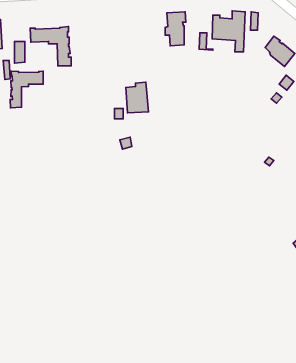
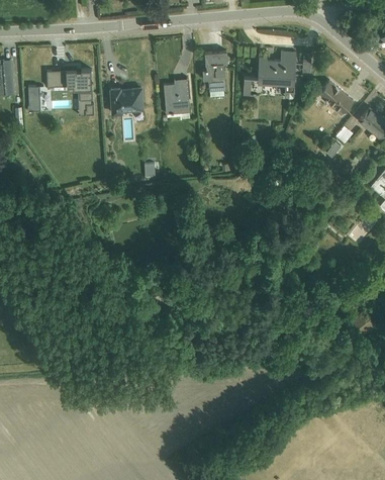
building: none -> [111,88,142,114]
building: [10,71,43,108] -> none
building: [126,82,149,113] -> [164,78,190,113]

